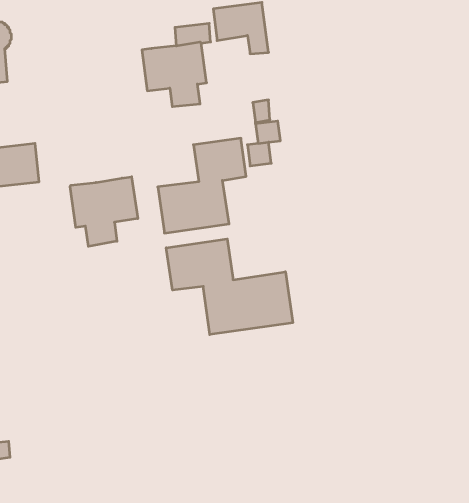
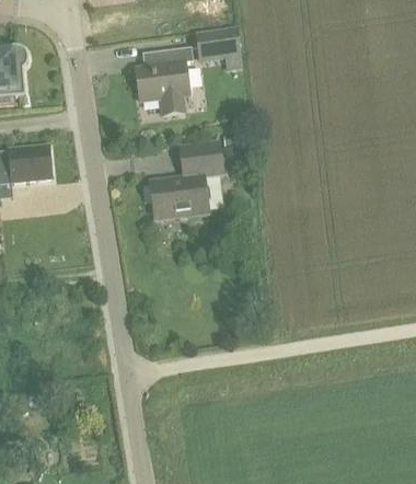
building: [70,177,138,246] -> none
building: [166,239,293,335] -> none

